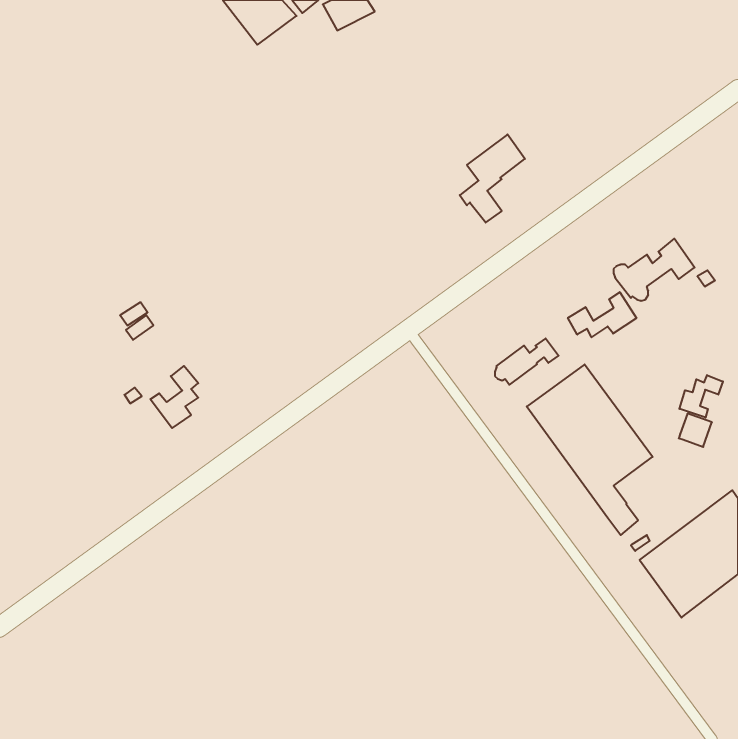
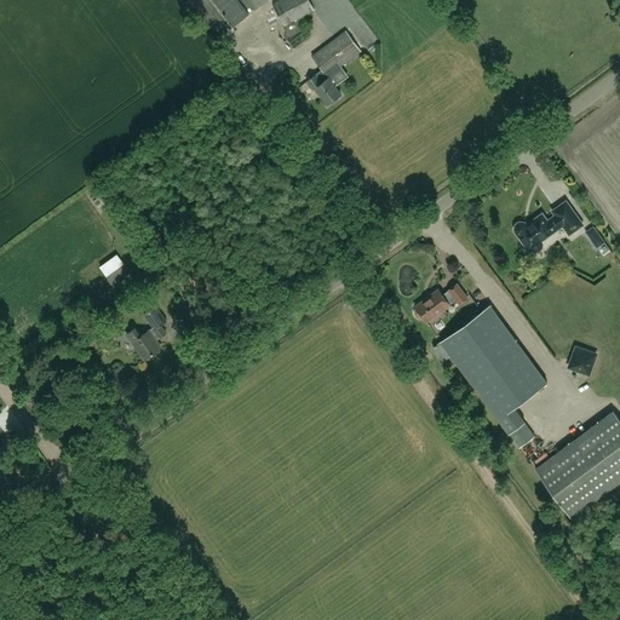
building: [460,134,525,223] -> [305,30,360,104]
building: [568,292,636,337] -> none
building: [679,375,723,418] -> none

